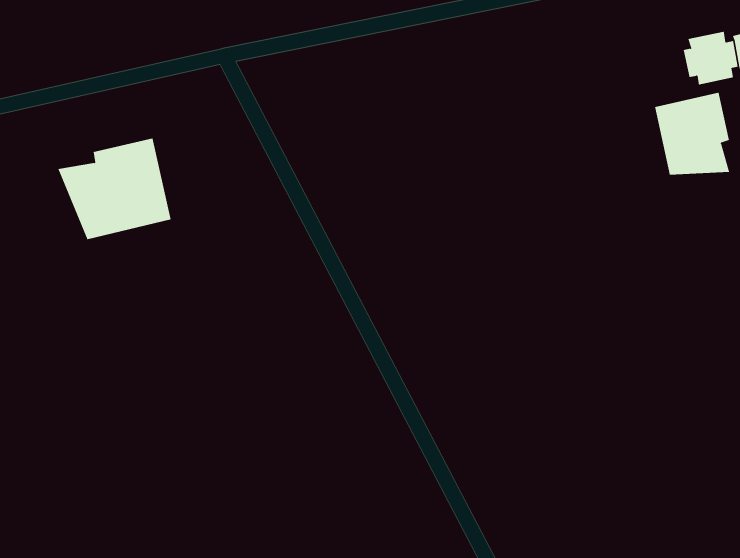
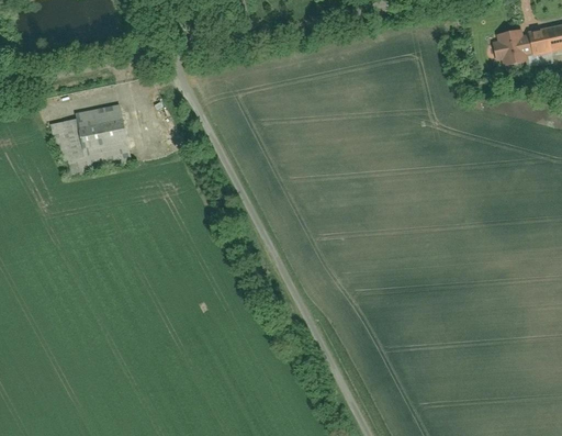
building: [655,92,730,175] -> none

